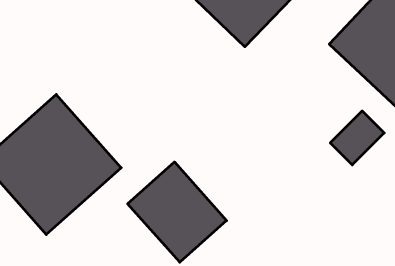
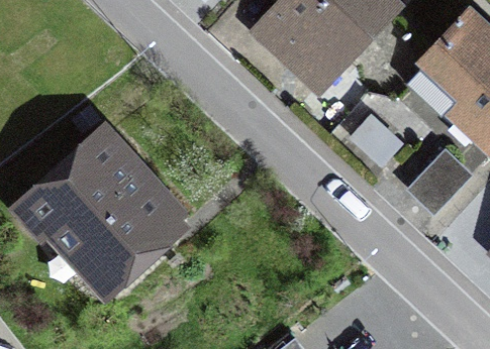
building: [128,162,227,262] -> none

